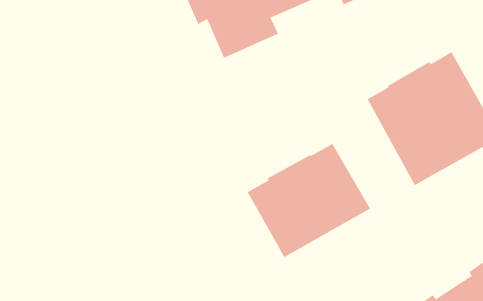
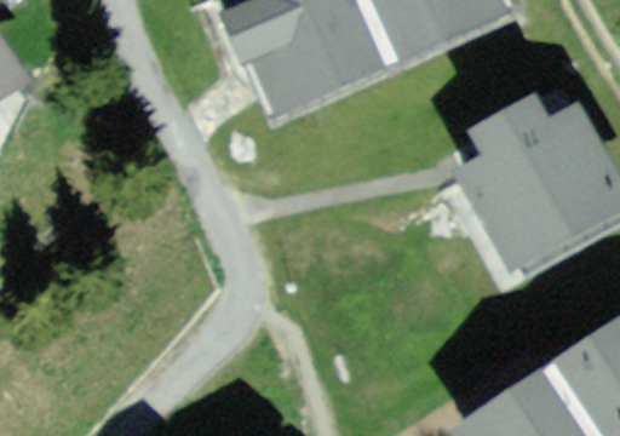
building: [247,143,371,258] -> none

